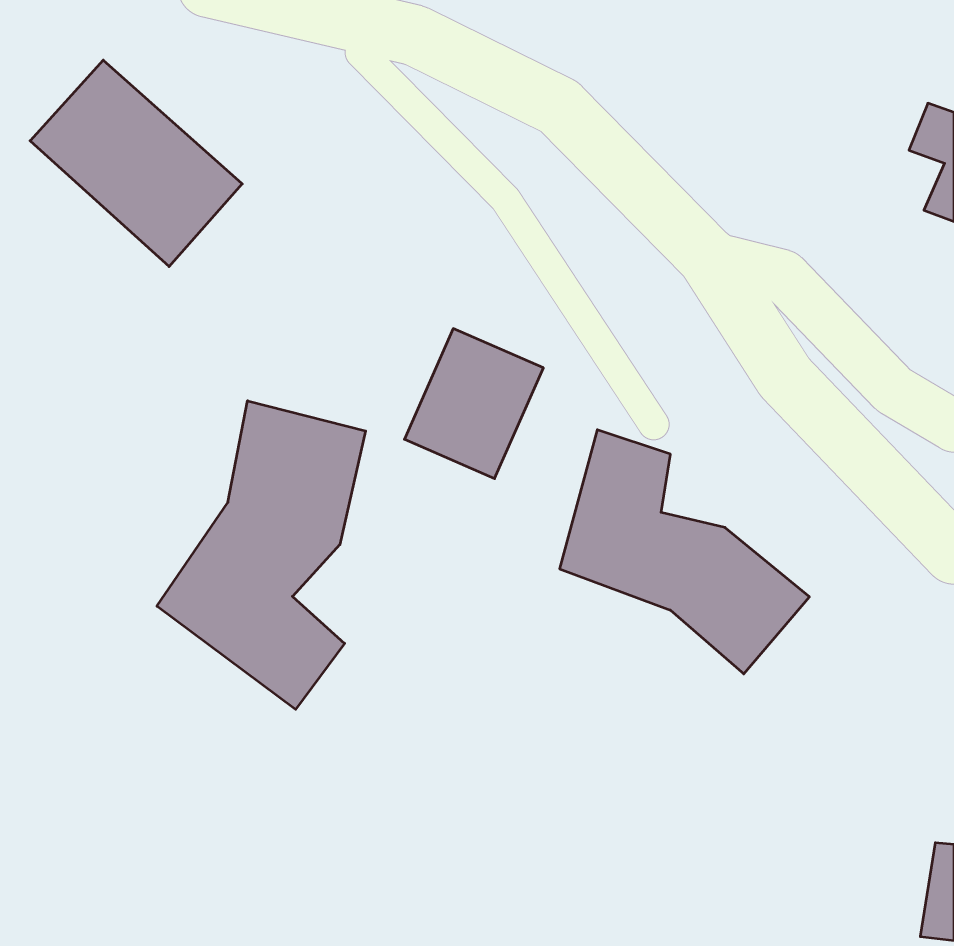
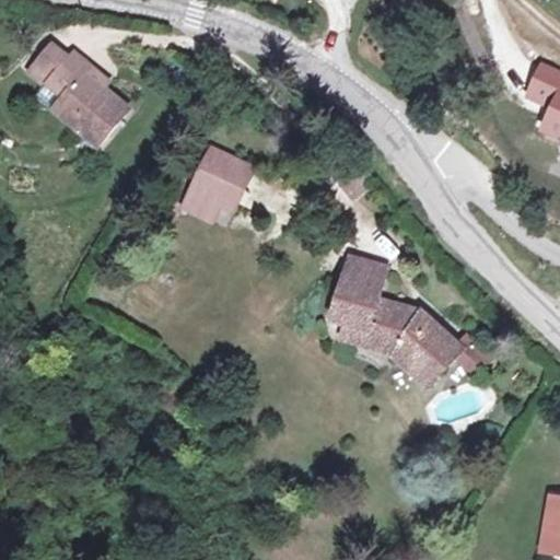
building: [404,329,543,479] -> [177,142,258,230]
building: [157,401,366,709] -> none

